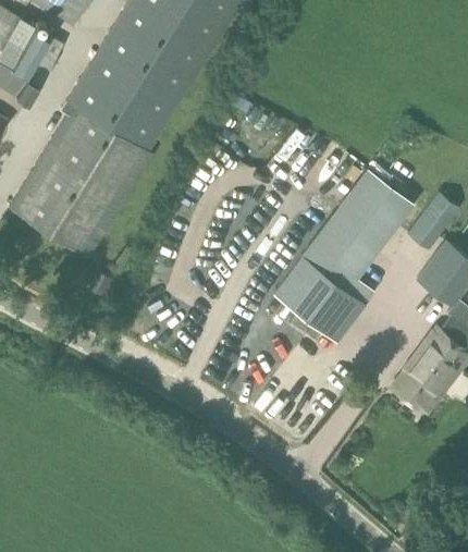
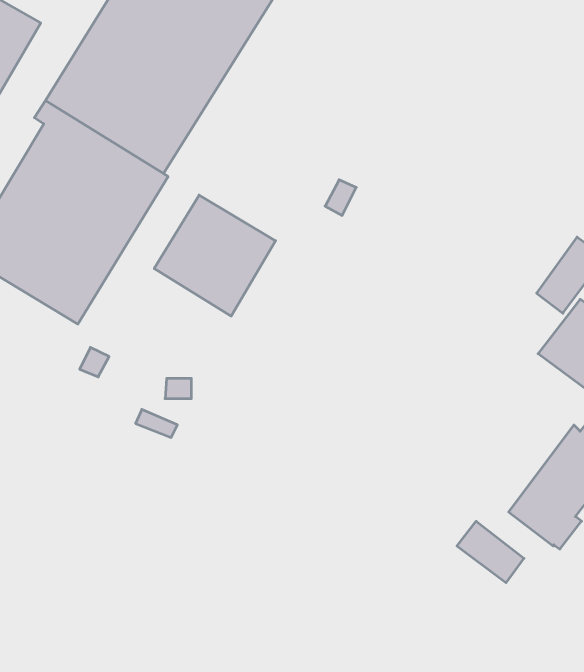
building: none -> [154,195,276,316]
building: [273,170,412,341] -> none
building: none -> [457,521,524,583]

